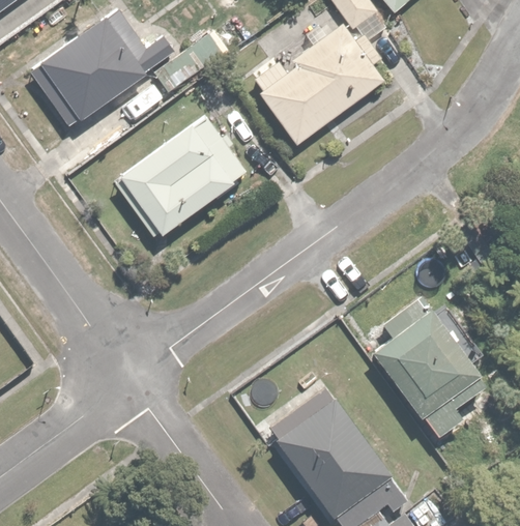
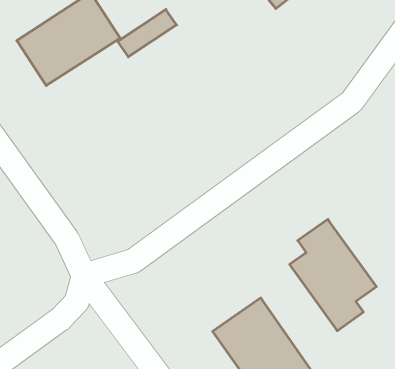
building: [252,25,383,142] -> none
building: [120,115,247,234] -> none

